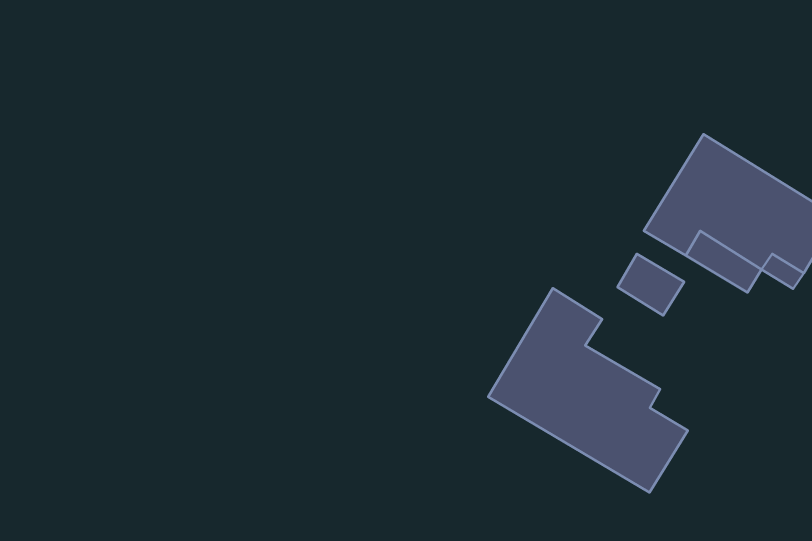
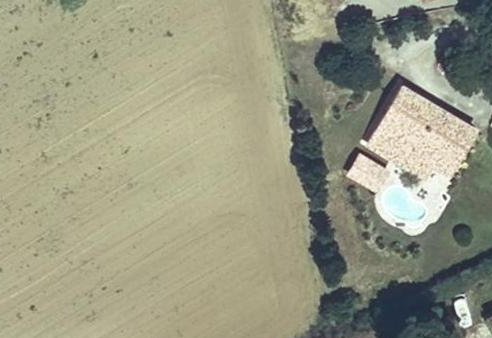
building: [488,288,688,492] -> none

